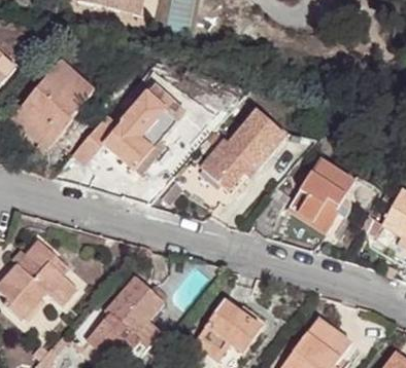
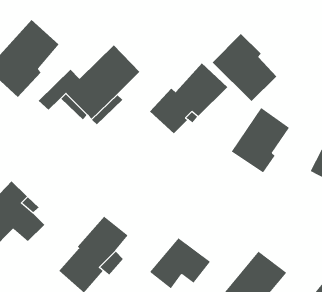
building: none -> [212,33,277,102]

